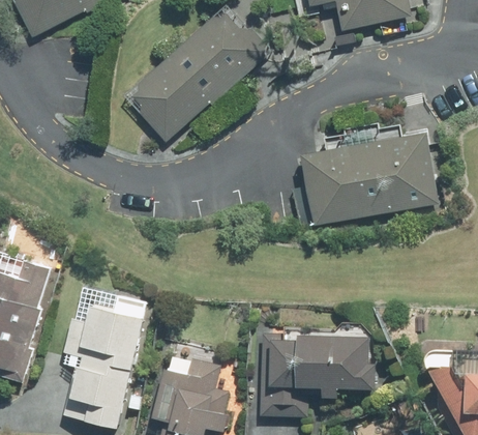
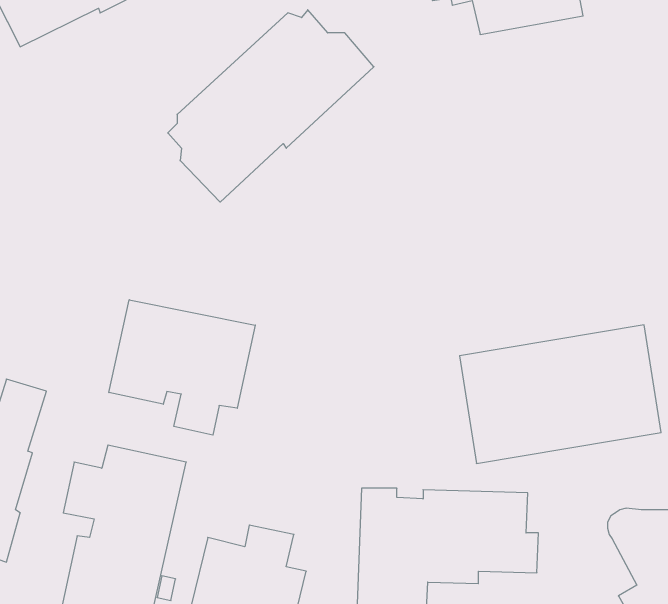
building: [301,134,437,227] -> [460,325,661,463]
building: none -> [109,300,255,435]

